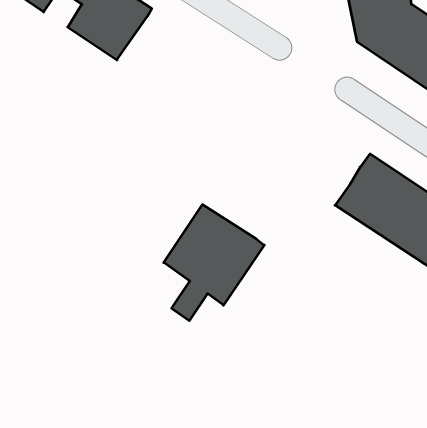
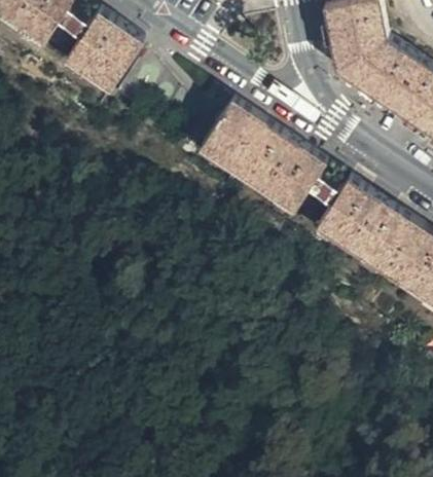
building: none -> [200,103,340,214]
building: [164,205,264,321] -> none

